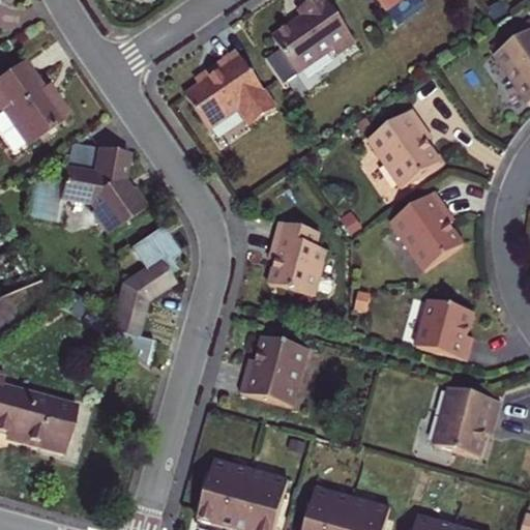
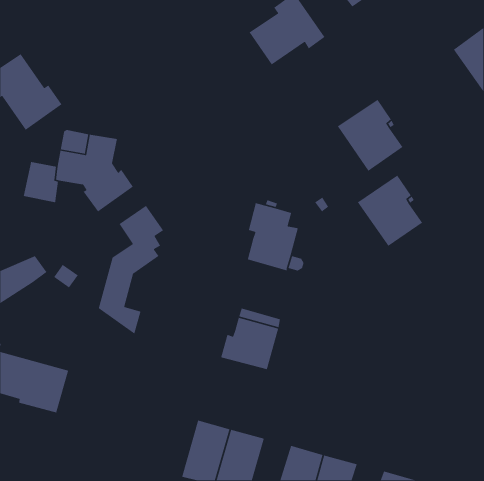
building: [185,50,275,128] -> none
building: [416,298,473,359] -> none
building: [435,386,501,454] -> none

